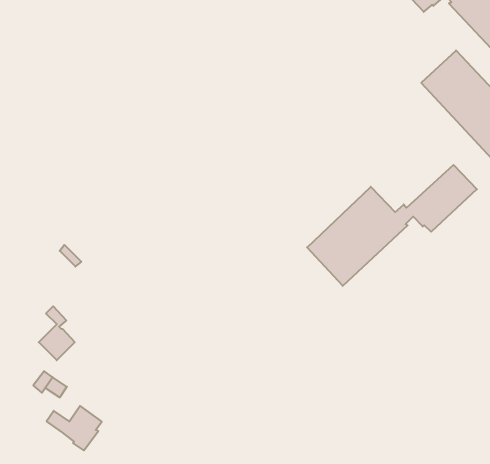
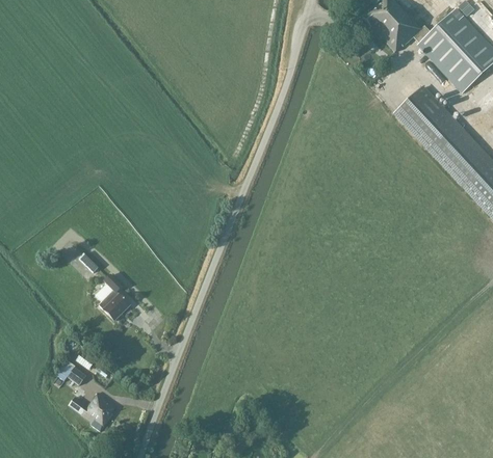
building: [307,165,477,286] -> none
building: [39,306,75,360] -> [99,273,130,320]

